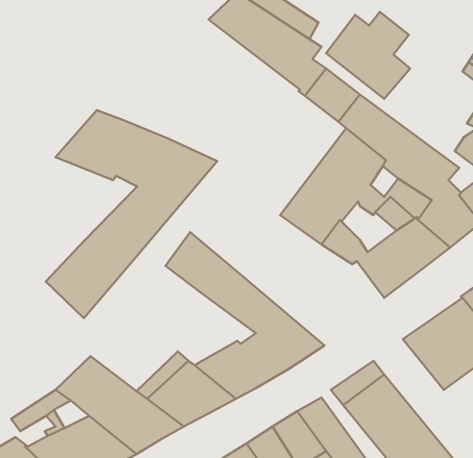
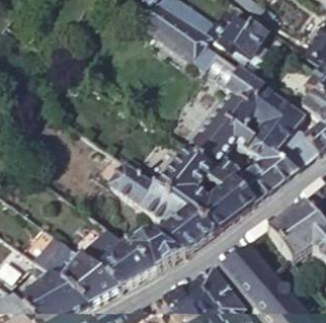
building: [46,110,217,318] -> none
building: none -> [158,150,256,236]

